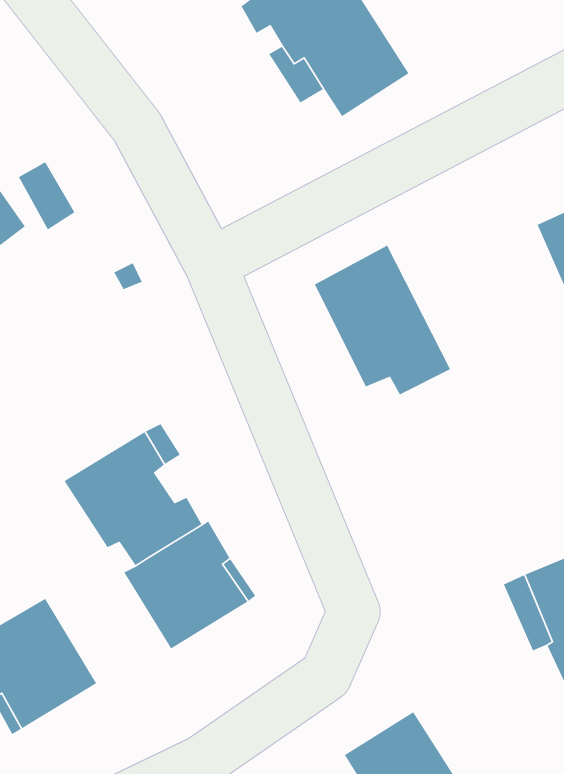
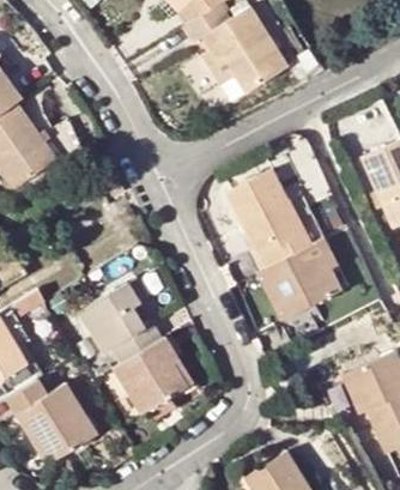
building: none -> [256,237,341,320]

